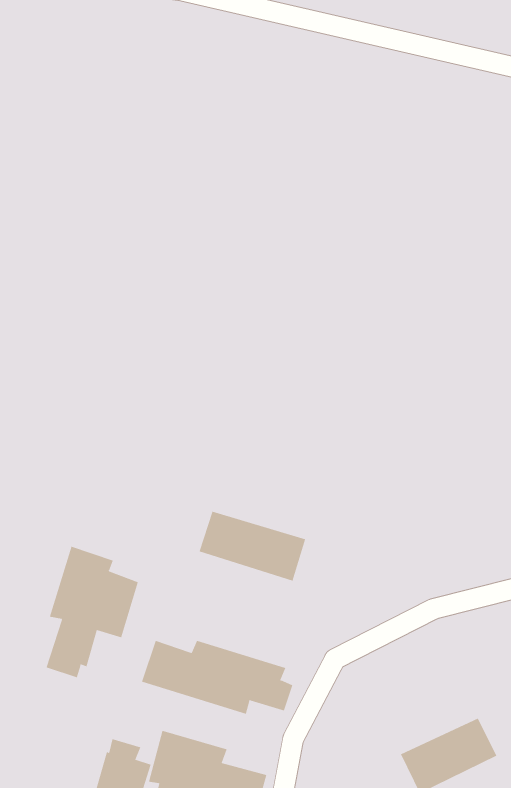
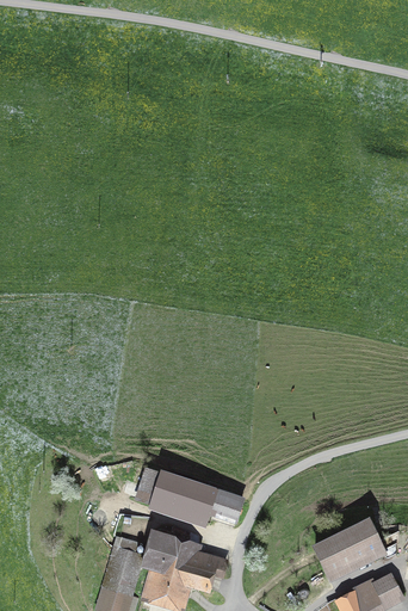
building: [199,511,306,581] -> none
building: [46,546,139,678] -> none

